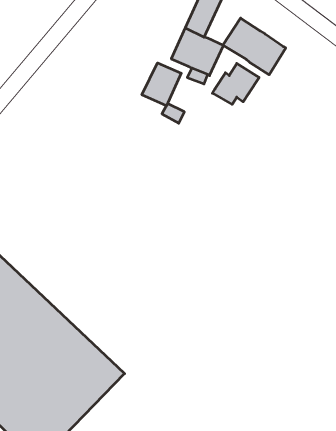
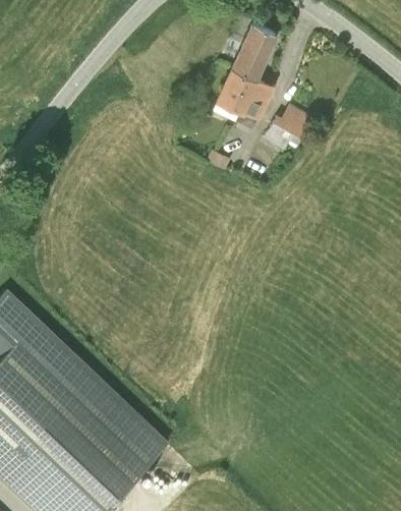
building: [223,18,286,75] -> none
building: [142,63,181,106] -> none

